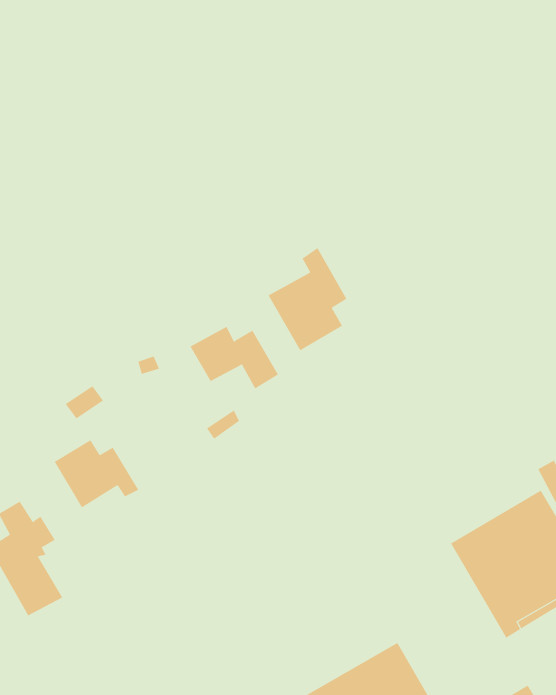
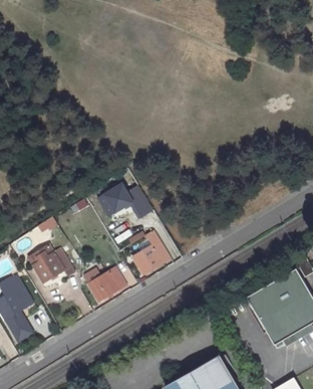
building: [268,247,347,351] -> none
building: none -> [133,238,171,274]
building: none -> [89,266,125,301]

